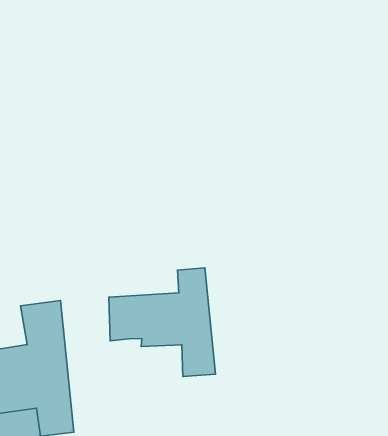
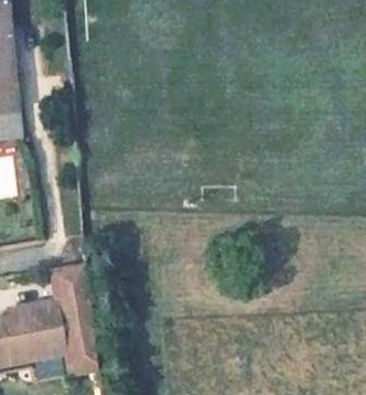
building: [109,268,216,376] -> none

